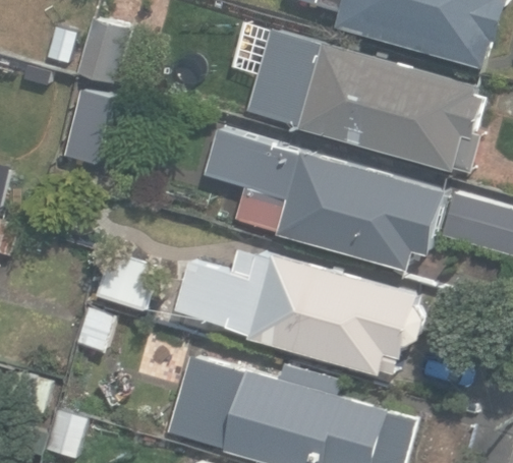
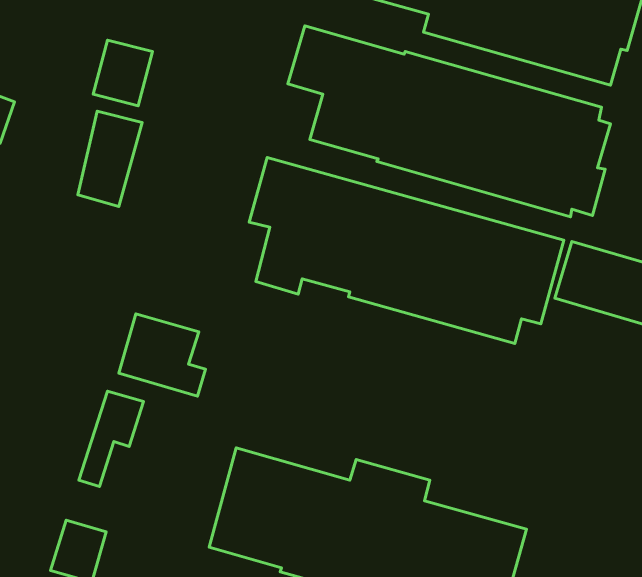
building: [175,249,425,373] -> none

